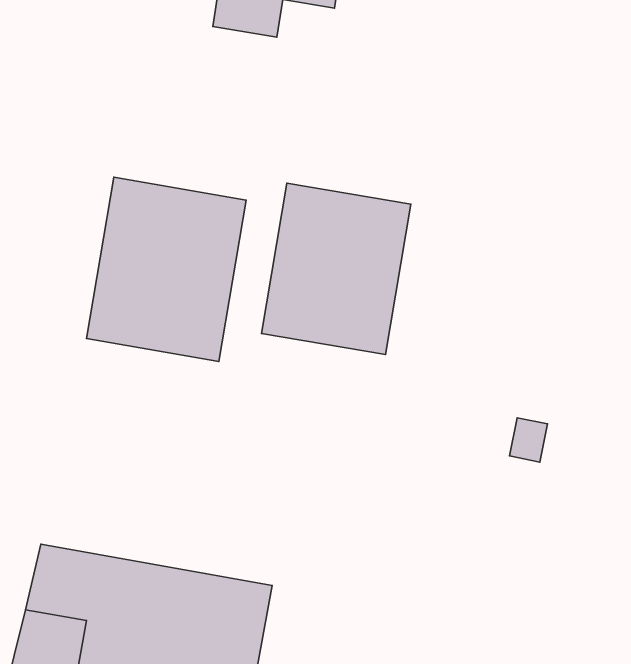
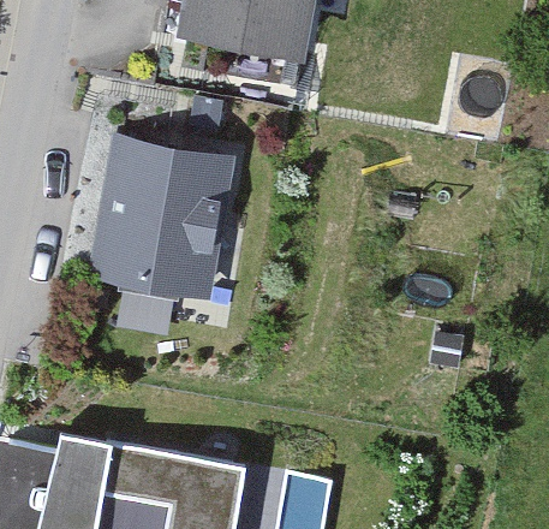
building: [262,183,411,355] -> none

